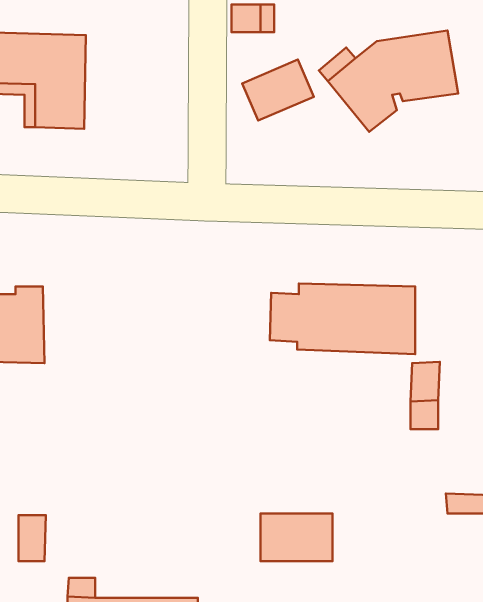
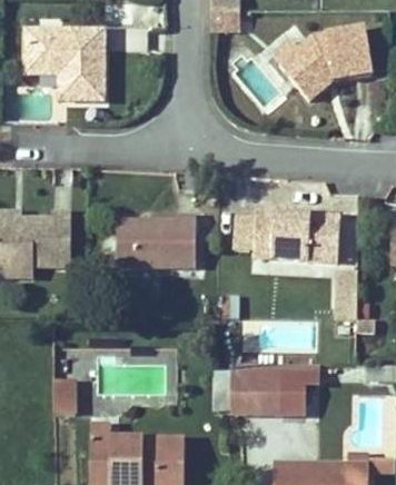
building: [242,60,314,121] -> none
building: none -> [118,217,197,270]
building: none -> [229,362,316,412]

